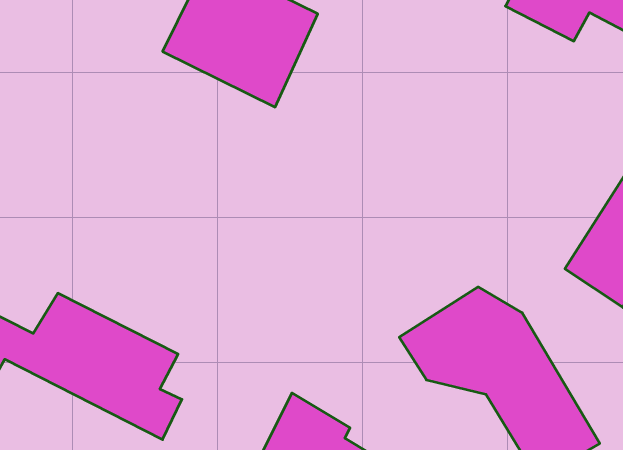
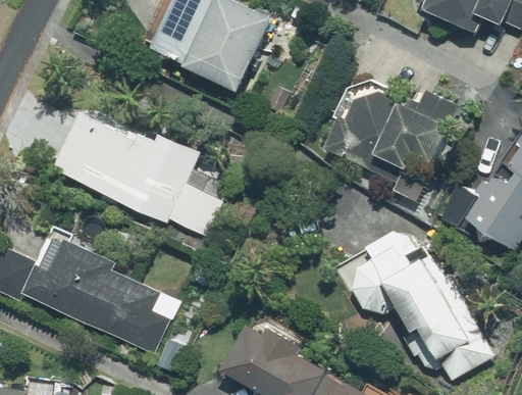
building: none -> [329,83,460,189]
building: none -> [55,109,219,240]

